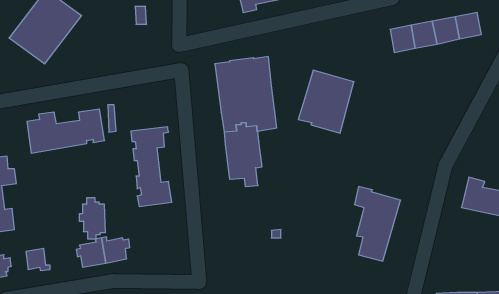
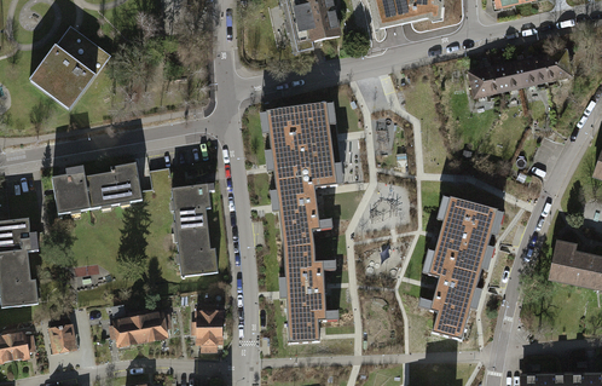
building: [298,70,354,133] -> [433,195,497,267]
building: none -> [284,242,325,341]
building: [79,198,105,239] -> [191,303,221,350]

